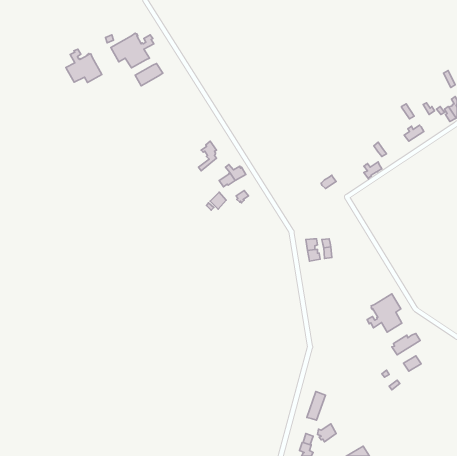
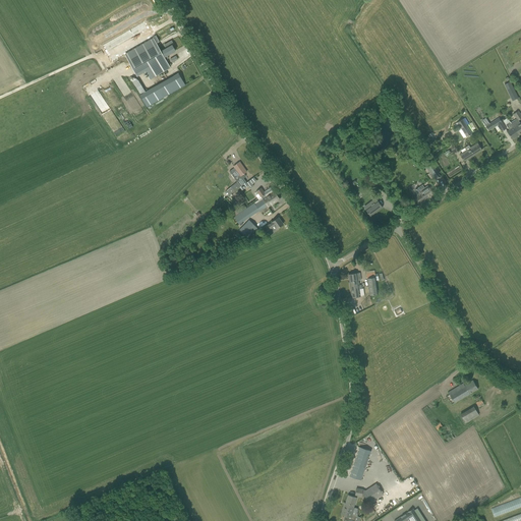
building: [66,49,102,82] -> none
building: [367,294,402,332] -> none

